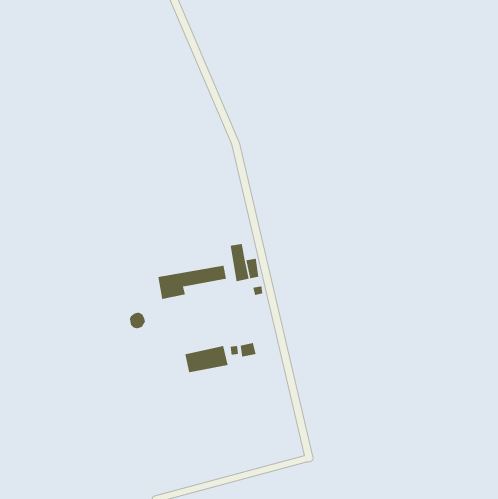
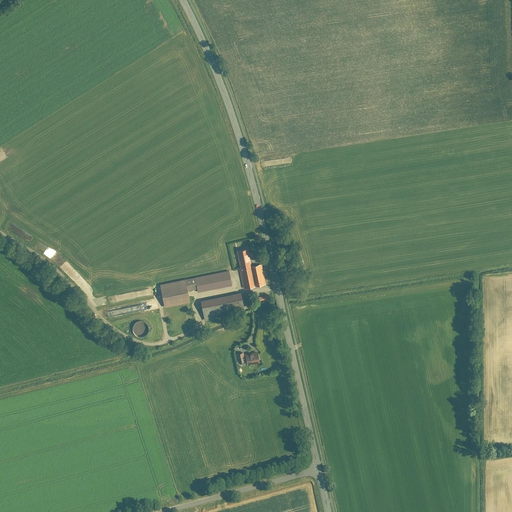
building: [185,345,229,373] -> [201,291,246,319]

